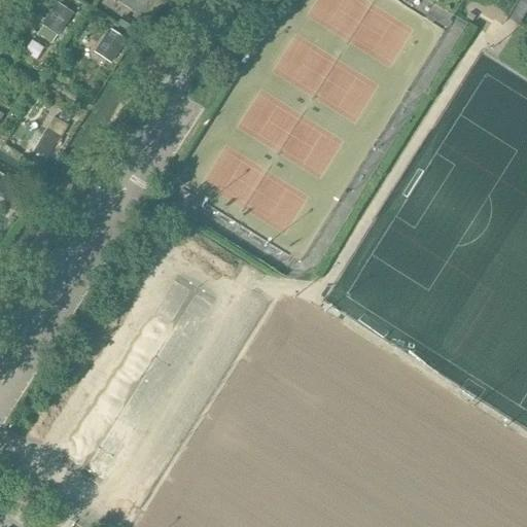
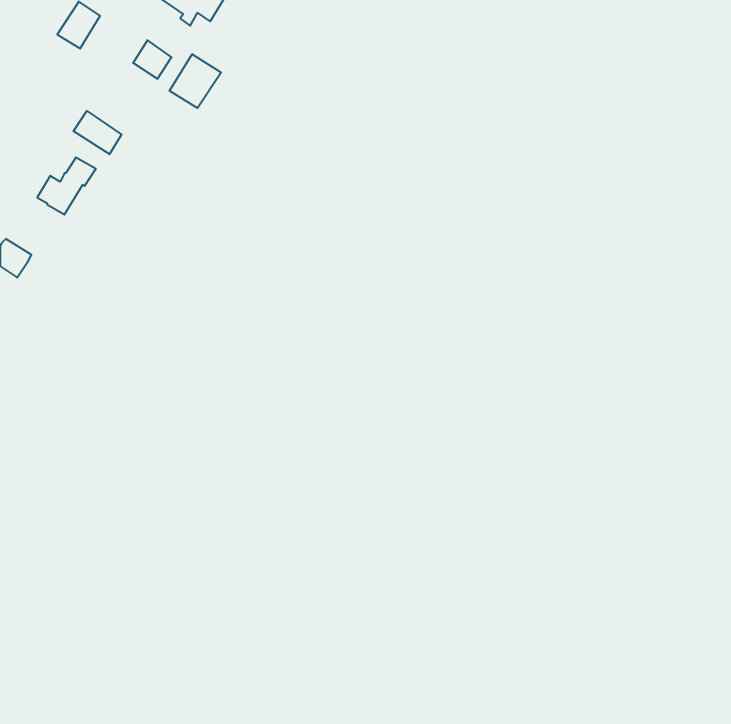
building: none -> [170,54,221,108]
building: none -> [73,111,122,154]

